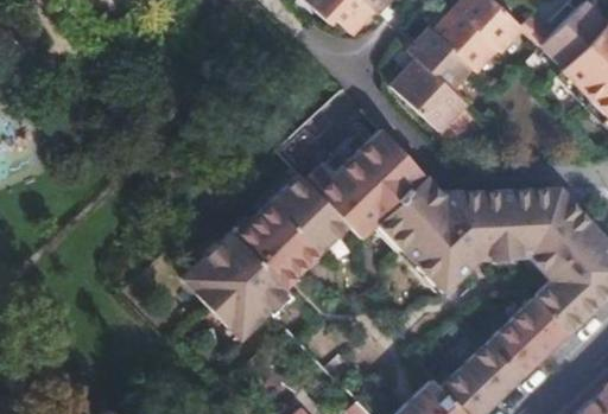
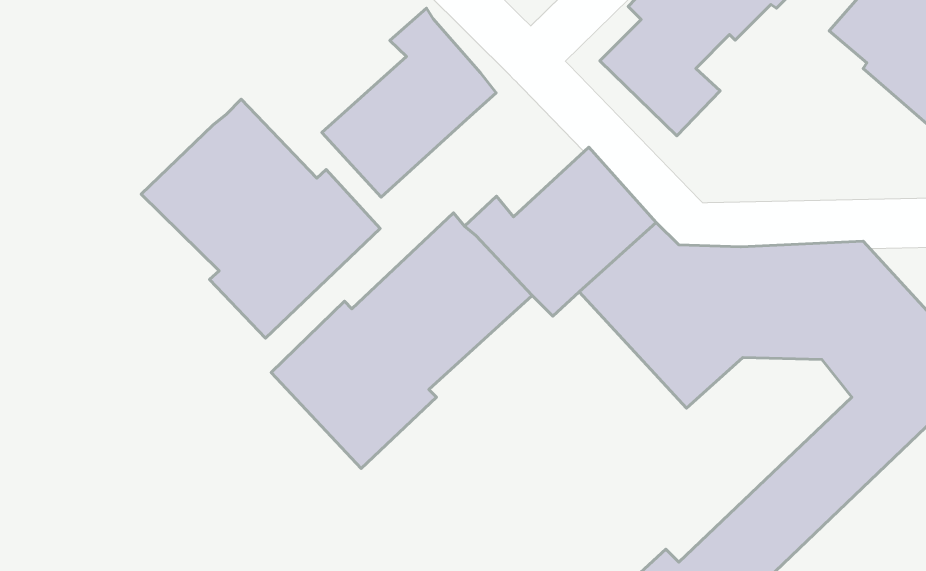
building: none -> [322,8,496,197]
building: none -> [141,99,380,338]

